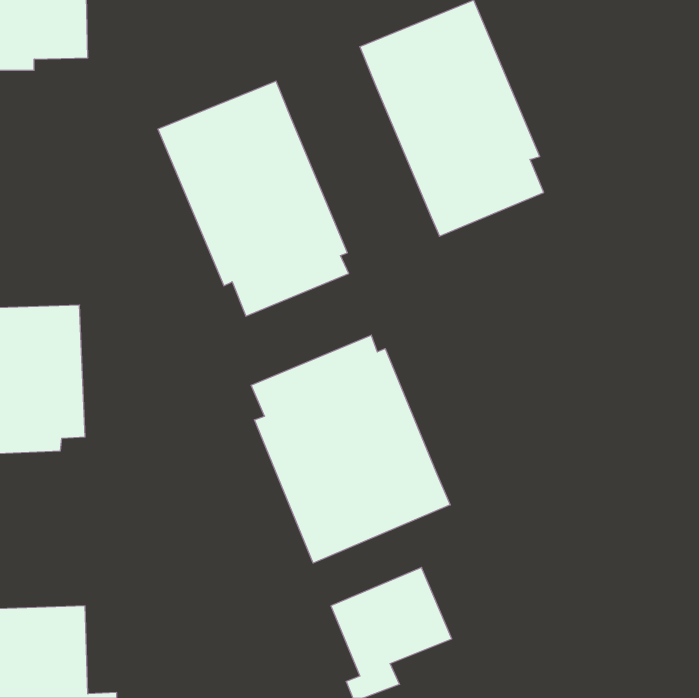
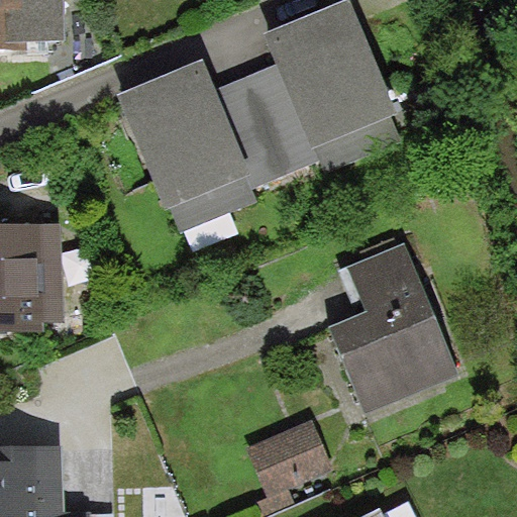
building: none -> [214,62,317,186]
building: none -> [327,241,459,413]
building: [251,335,450,563] -> none

